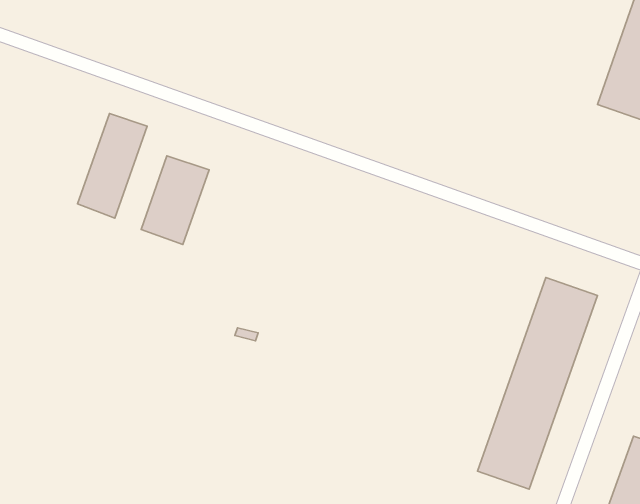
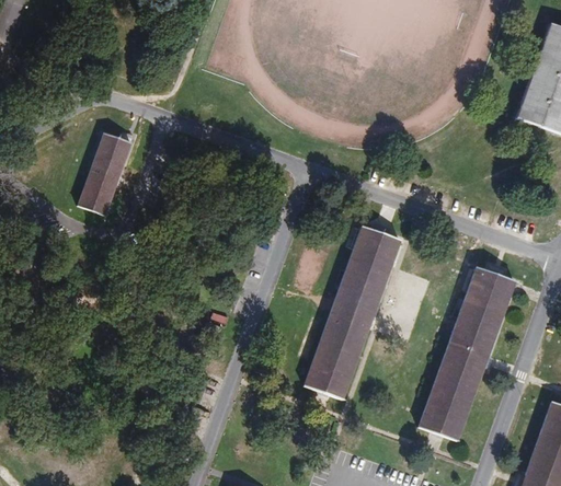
building: [141,156,209,245] -> none
building: none -> [304,227,400,402]

